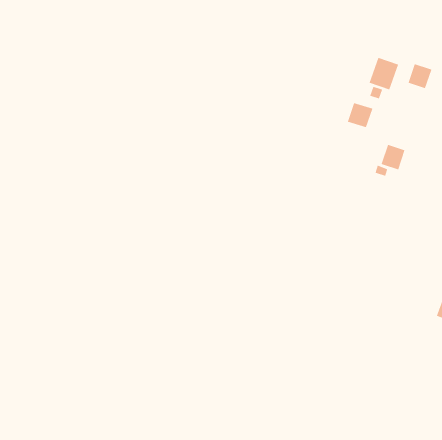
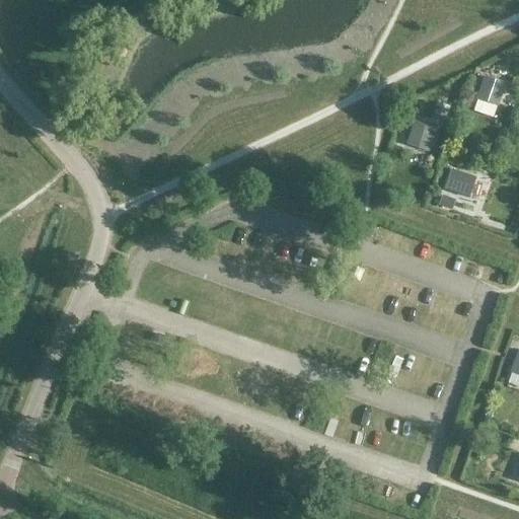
building: [369,57,399,91] -> none

